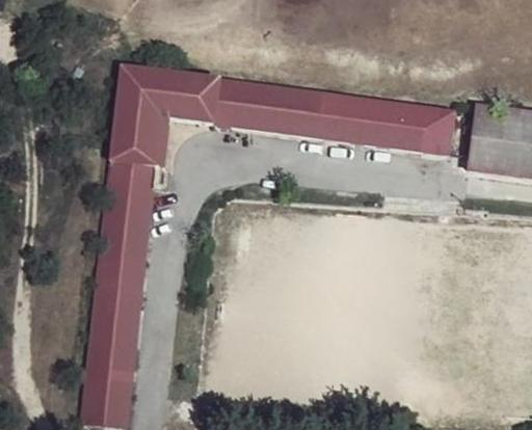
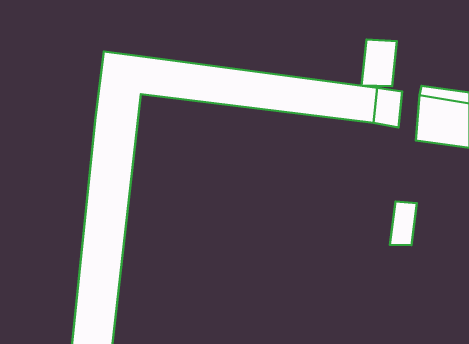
building: none -> [361,39,397,86]
building: none -> [390,202,417,245]

